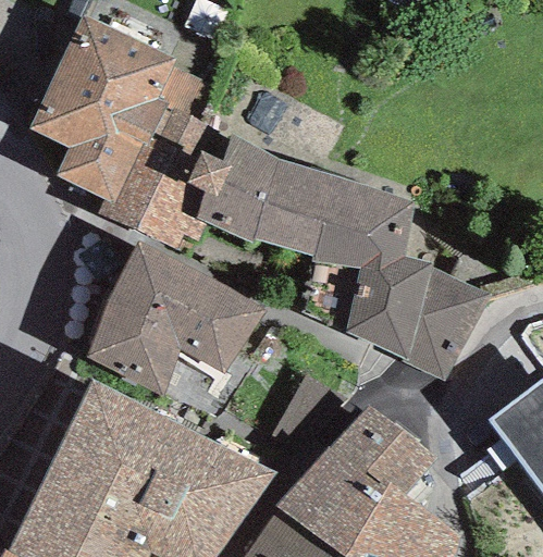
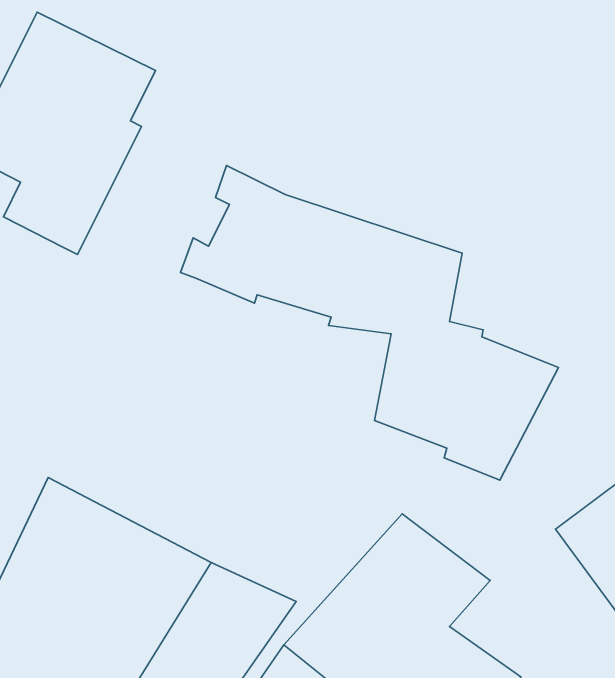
building: [97,104,233,249] -> none
building: [88,242,267,394] -> none

